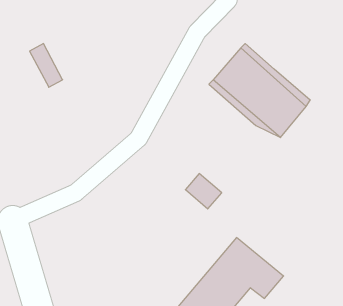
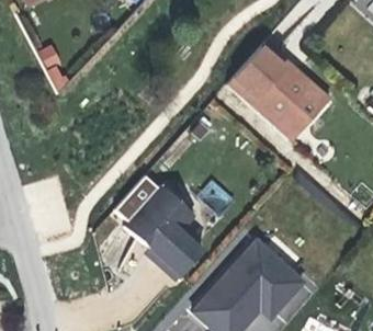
building: none -> [125,180,208,276]

